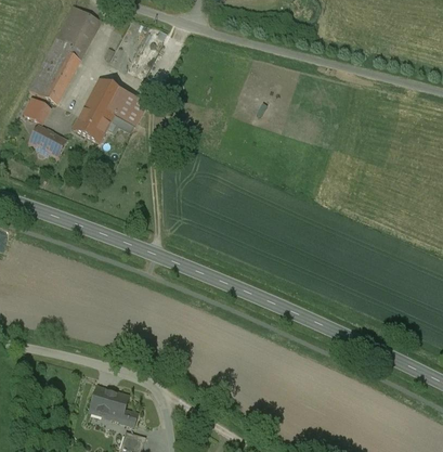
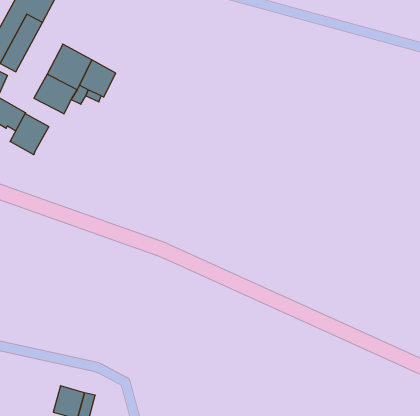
building: none -> [10,113,49,155]

